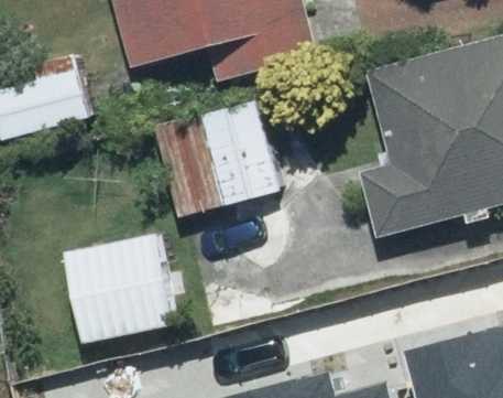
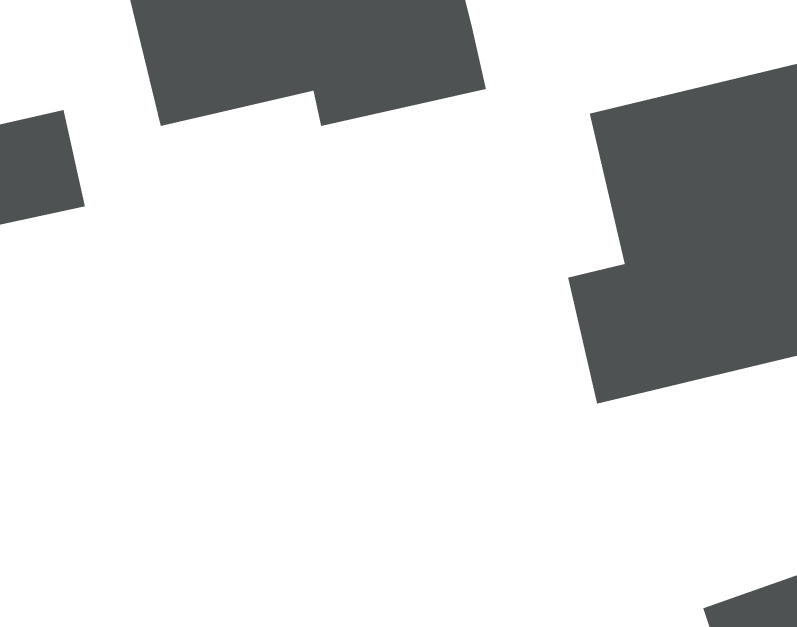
building: [155,101,283,216] -> none
building: [59,230,179,344] -> none

